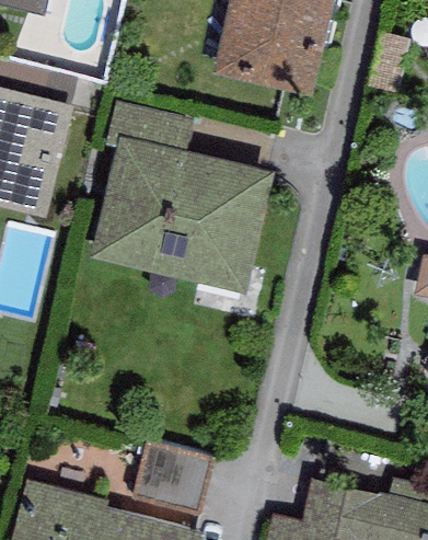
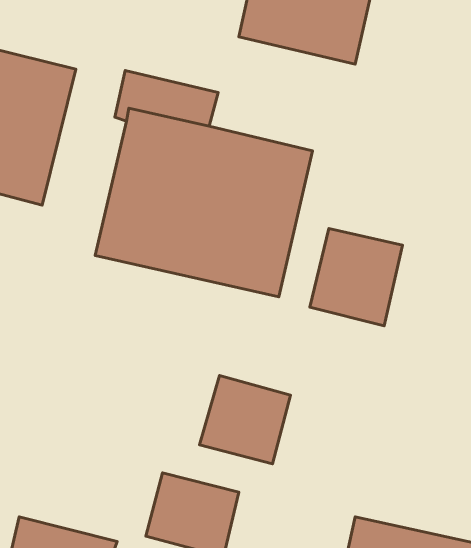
building: none -> [310,228,402,326]
building: none -> [200,375,291,464]

